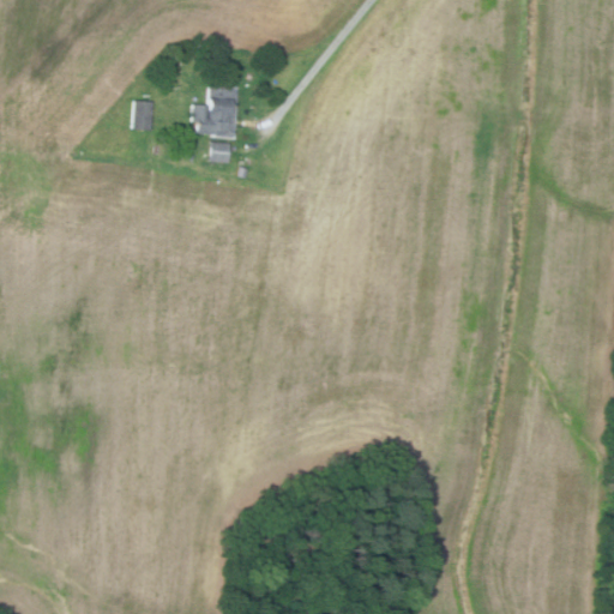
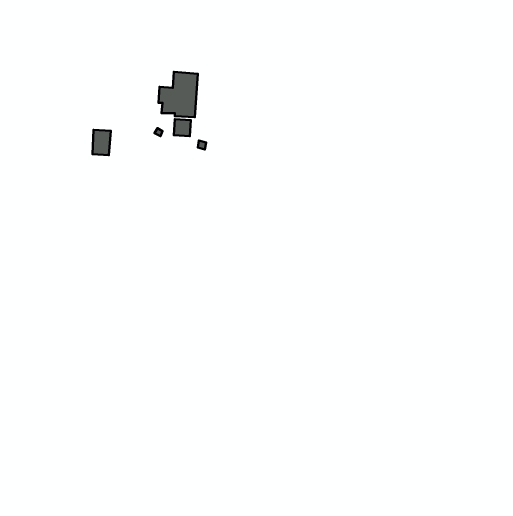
building: [133,101,155,131] -> [93,130,111,155]

